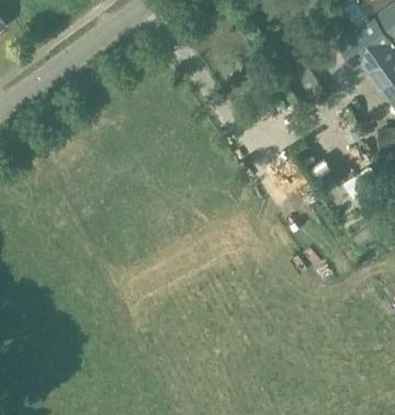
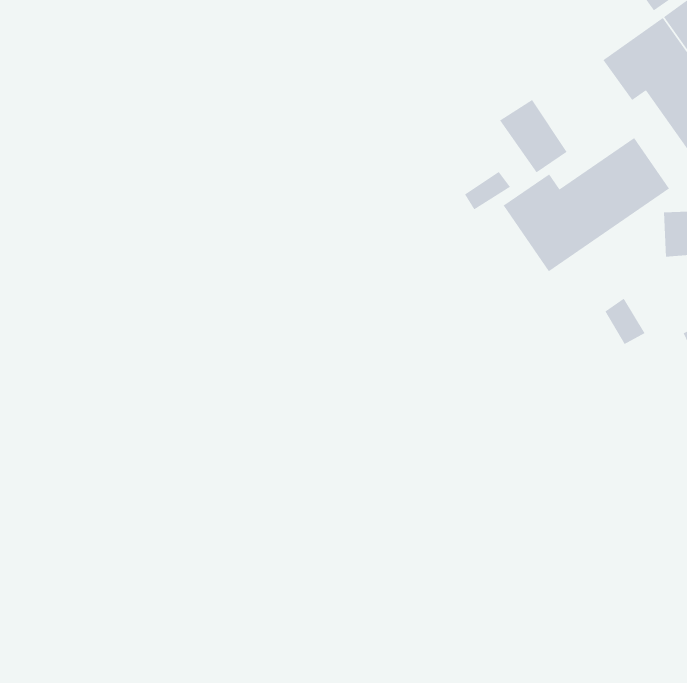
building: none -> [503,137,670,272]

